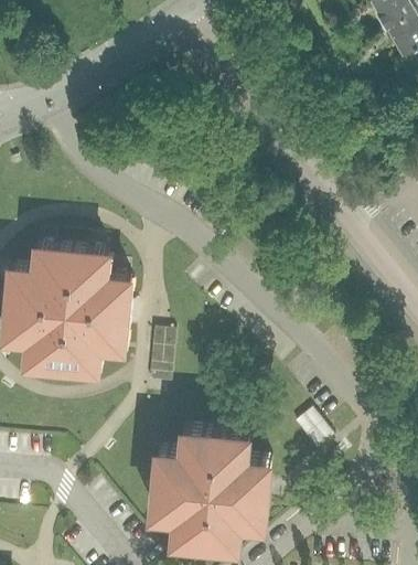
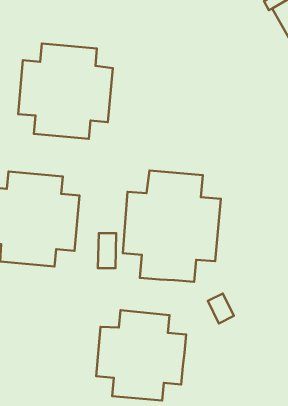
building: none -> [18,44,113,139]
building: none -> [123,170,221,282]

